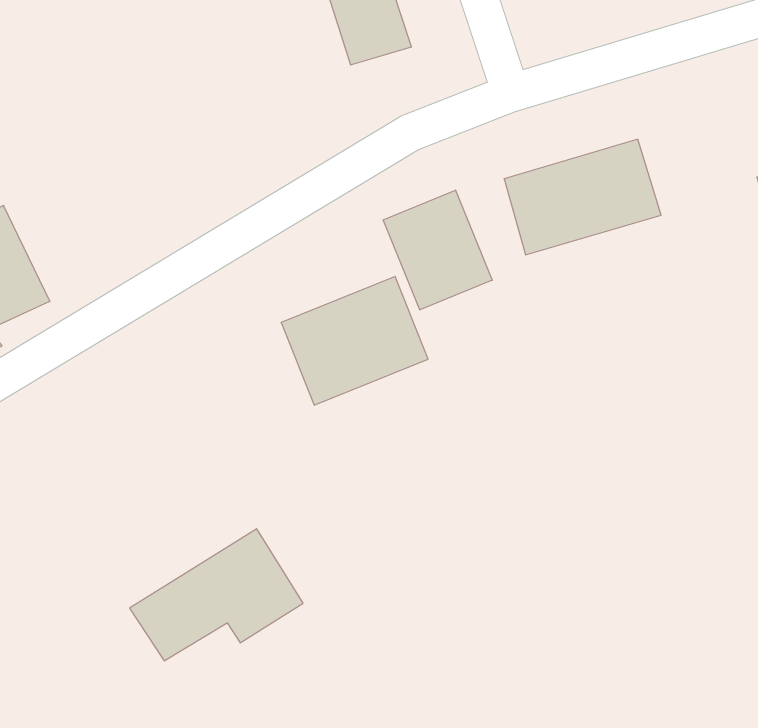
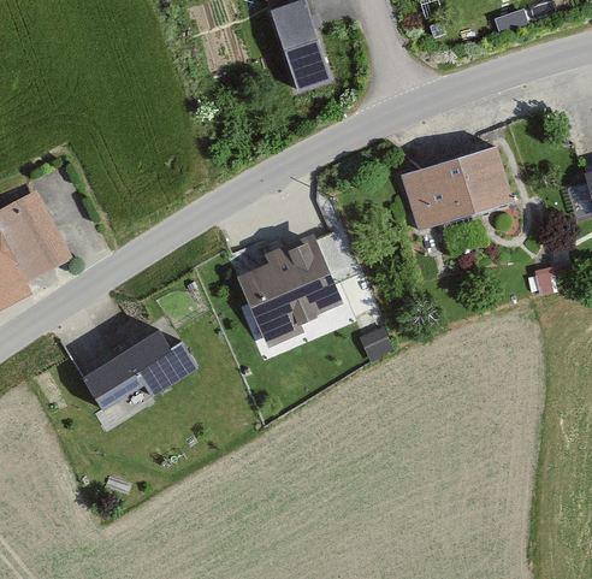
building: [383,190,492,310] -> none
building: [130,529,303,661] -> [73,313,200,409]

